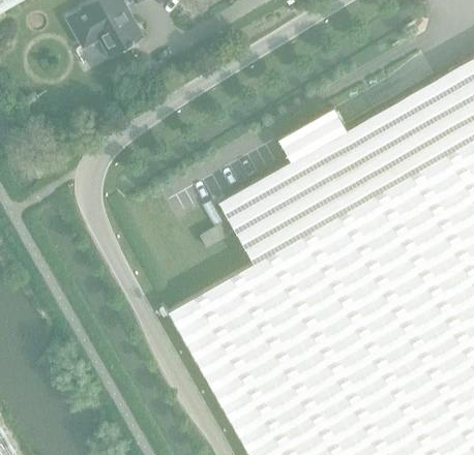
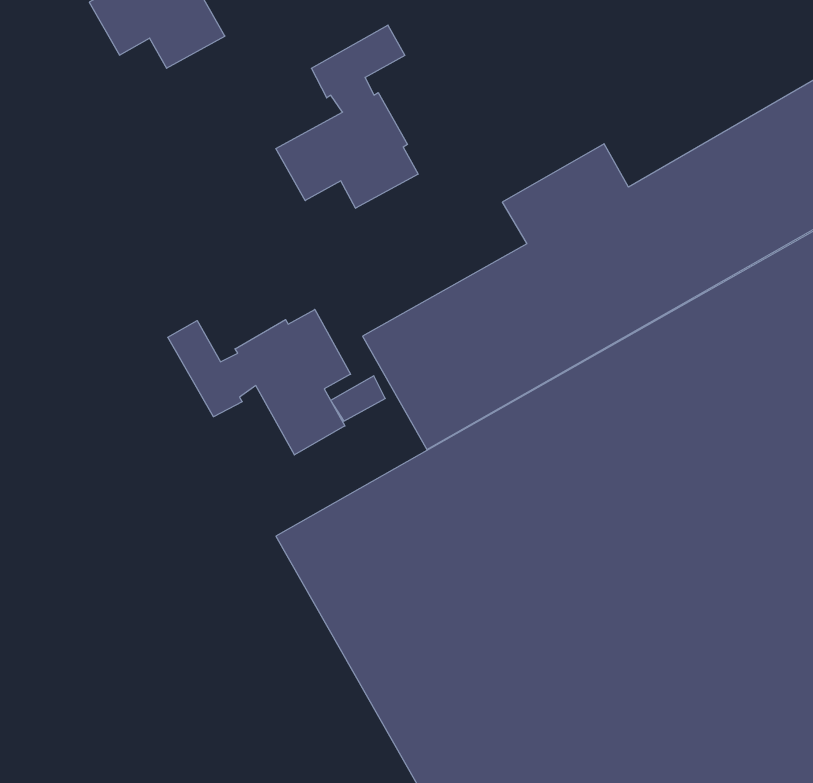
building: none -> [276,25,418,208]
building: none -> [168,309,351,455]

